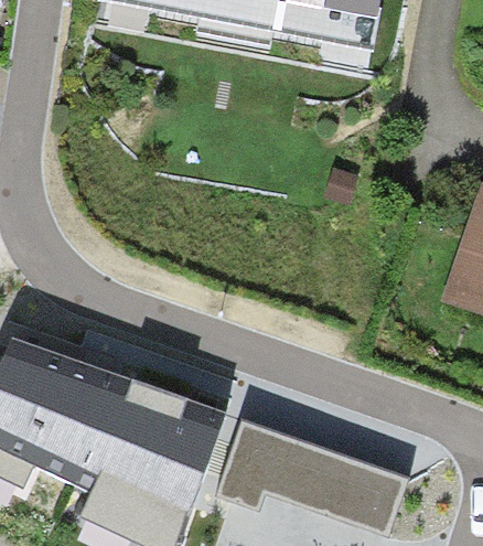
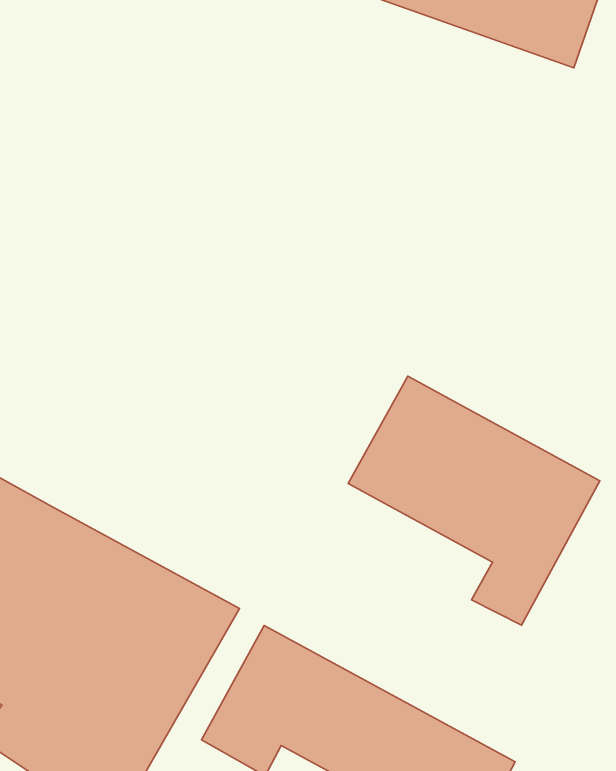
building: none -> [348,376,600,625]

